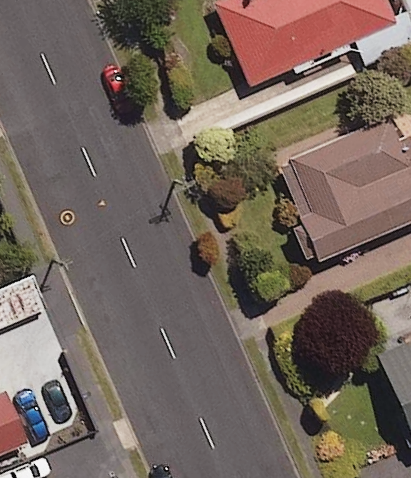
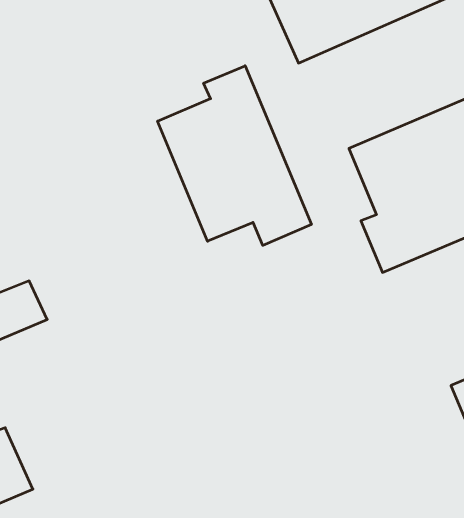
building: none -> [158,66,311,245]

